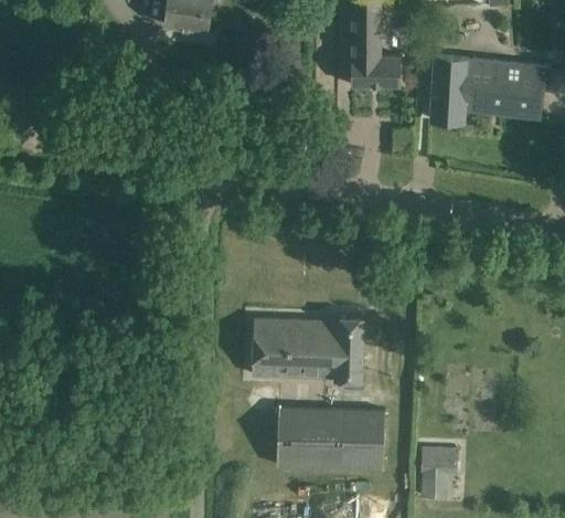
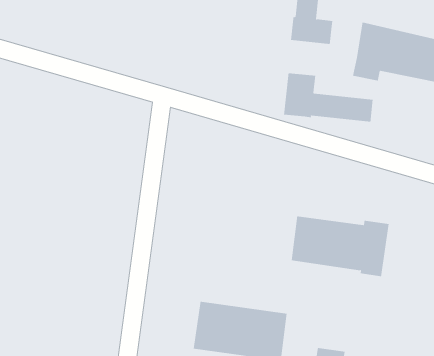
building: none -> [284,72,373,123]
building: [250,317,363,382] -> [291,216,389,277]

